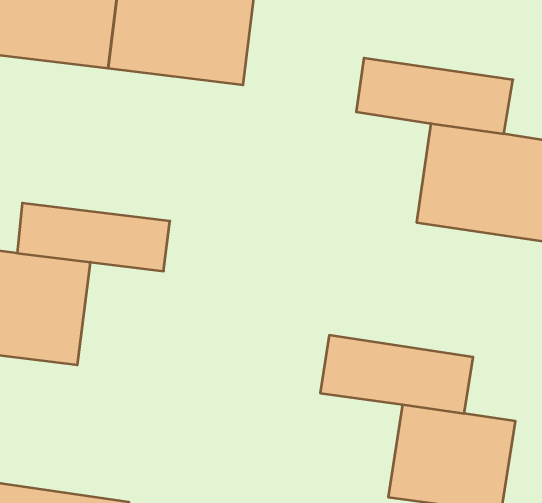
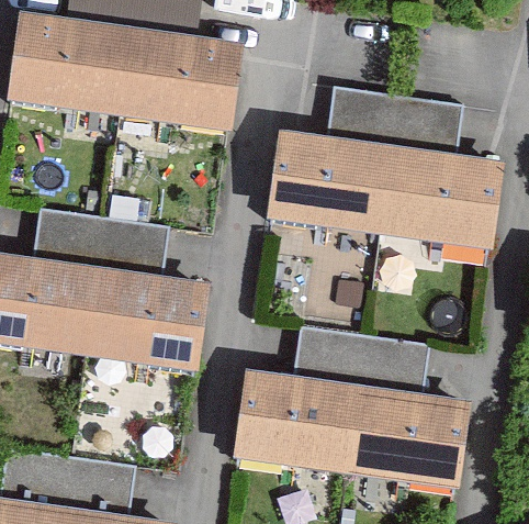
building: none -> [272,135,387,235]
building: none -> [86,269,211,371]
building: none -> [244,376,363,470]

